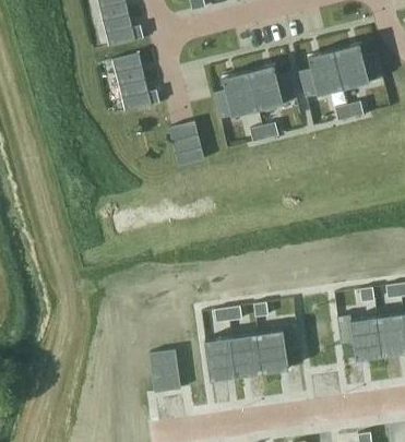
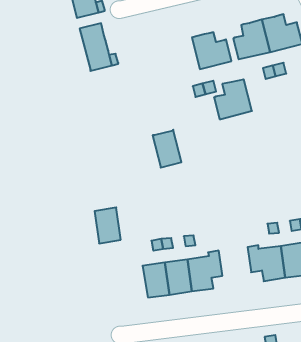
building: [214,70,260,118] -> [214,79,252,119]
building: [170,120,205,166] -> [153,130,181,168]
building: [151,348,182,392] -> [95,207,121,243]

